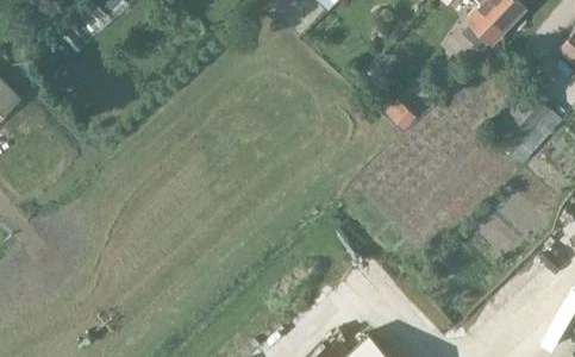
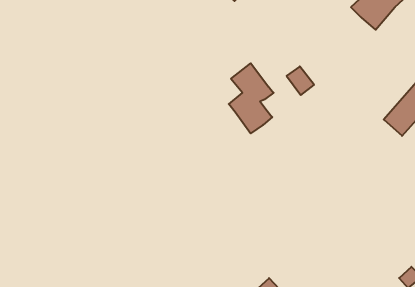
building: none -> [229,63,274,133]

